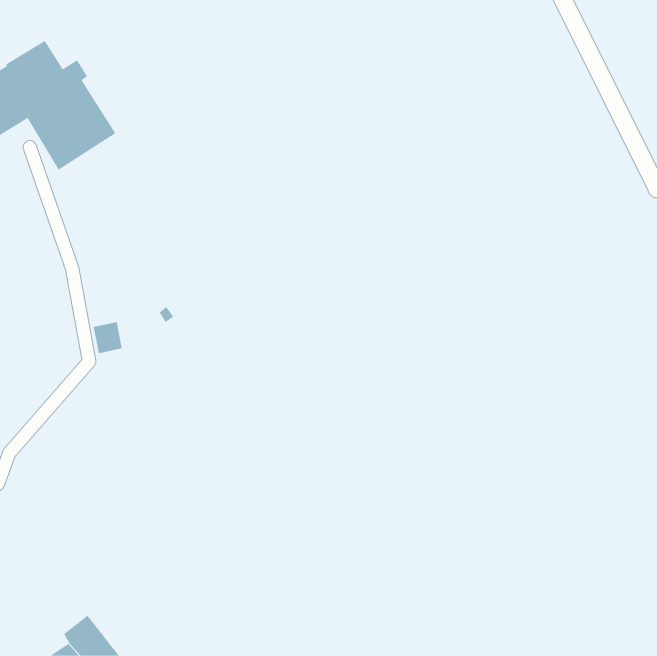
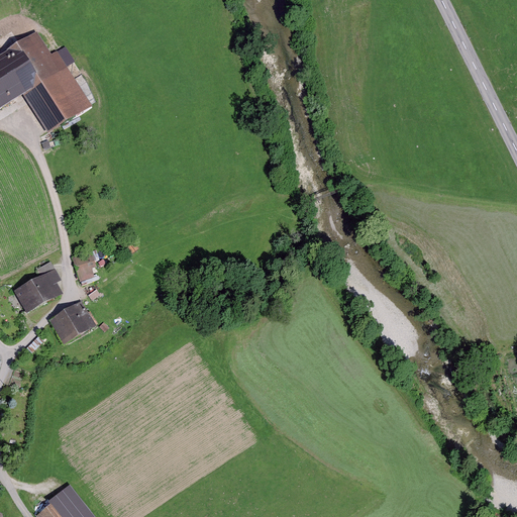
building: none -> [13,272,61,313]
building: none -> [48,303,94,344]

